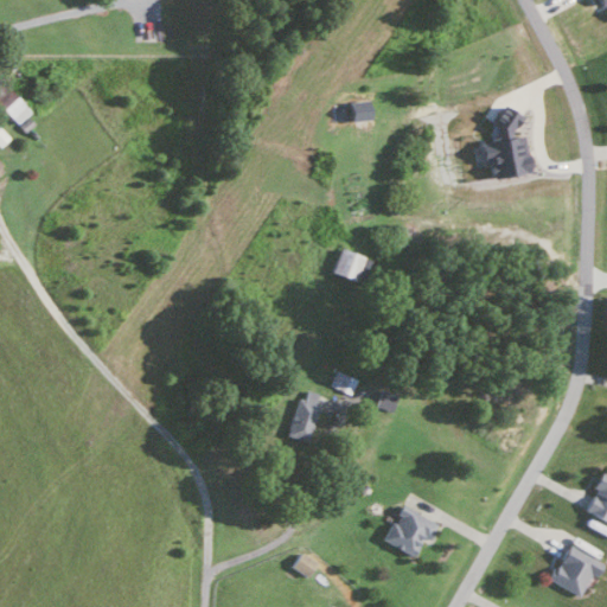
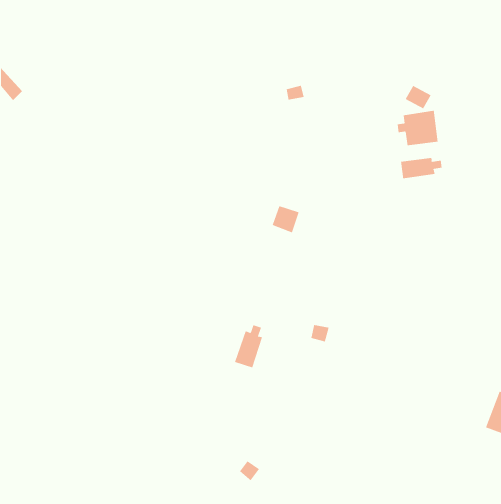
building: none -> [401,157,442,179]
building: [384,505,440,557] -> none
building: [550,545,600,598] -> none

